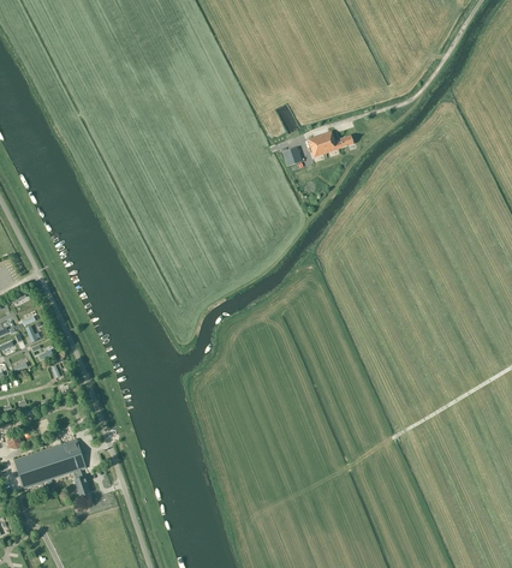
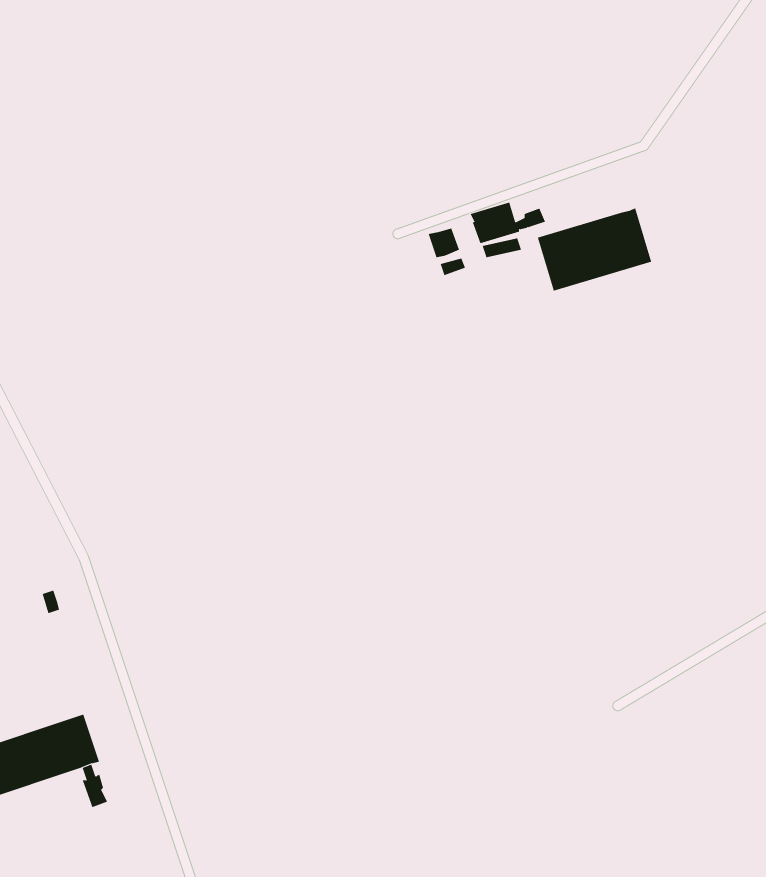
building: none -> [537,208,652,292]

